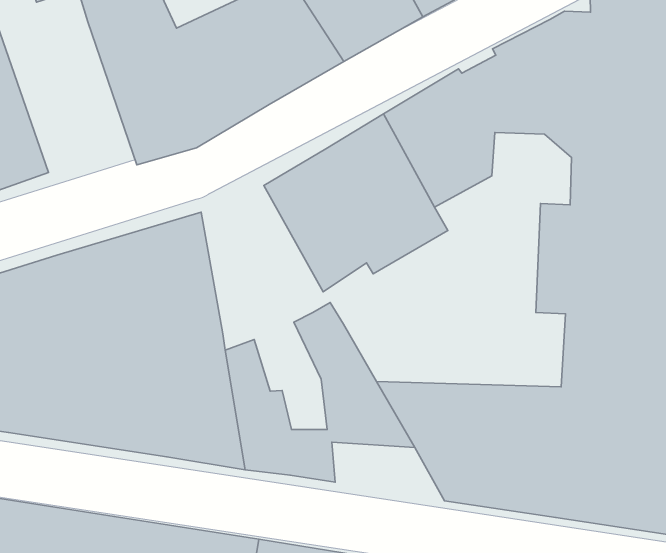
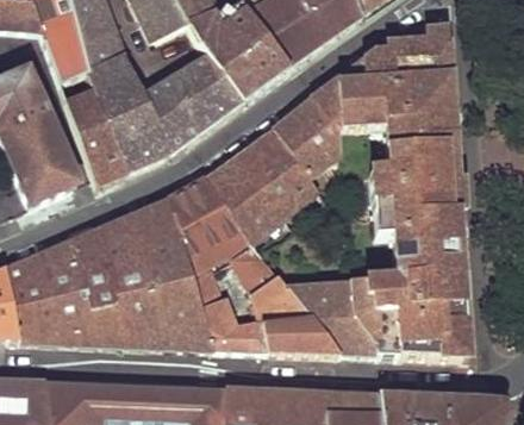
building: none -> [63,92,130,188]
building: none -> [171,177,255,269]
building: none -> [266,324,337,354]

